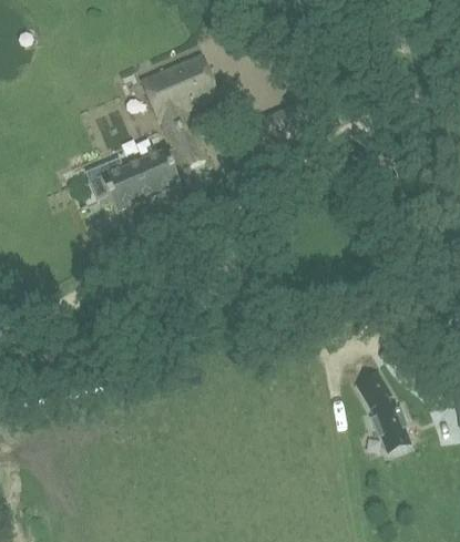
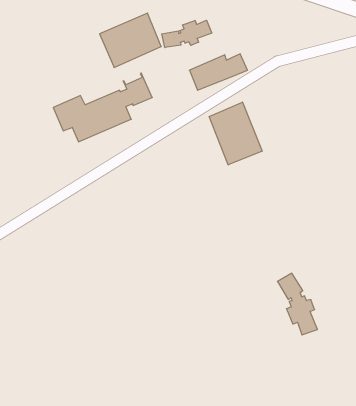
building: none -> [162,20,212,48]
building: none -> [209,102,262,165]

